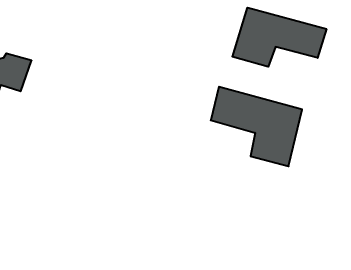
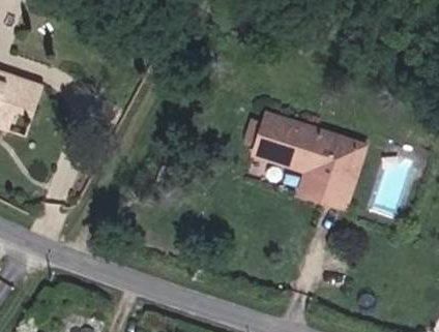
building: [232,8,326,67] -> none

